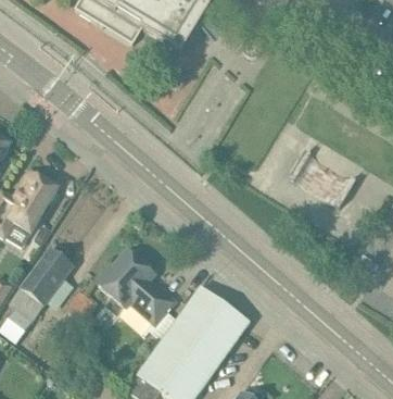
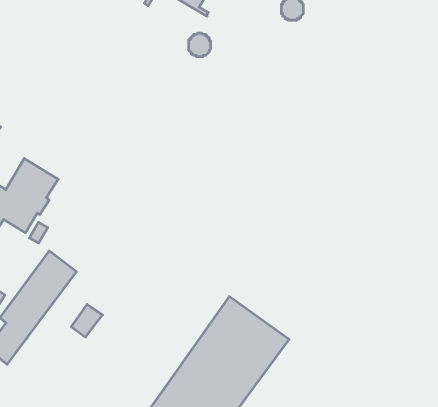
building: [97,249,175,334] -> none

